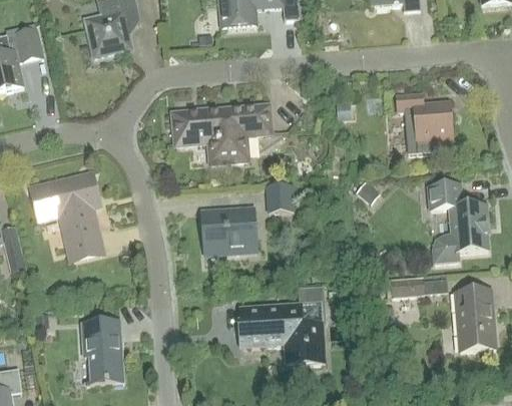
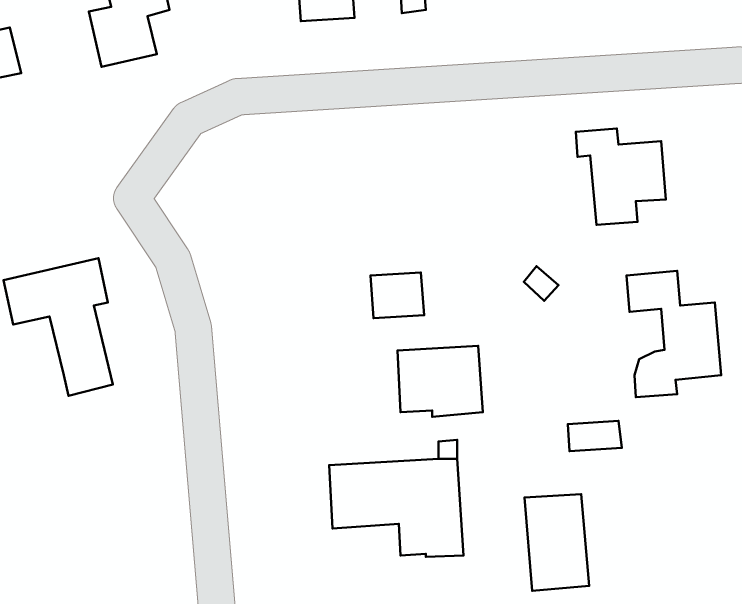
building: [173,105,270,161] -> none
building: [201,208,255,253] -> [397,346,483,417]
building: [453,289,494,350] -> [524,494,589,591]
building: [82,320,123,383] -> none

